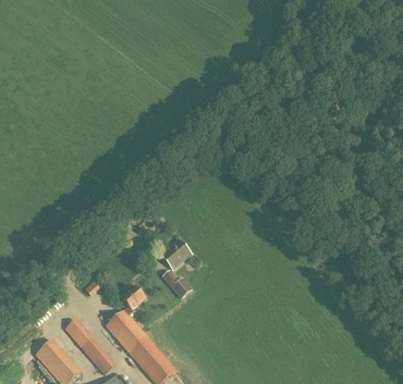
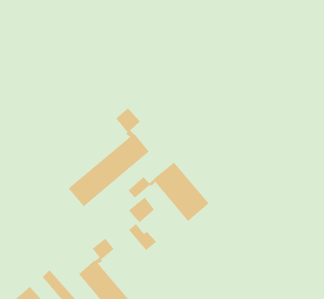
building: none -> [68,107,150,207]
building: none -> [128,162,209,222]

